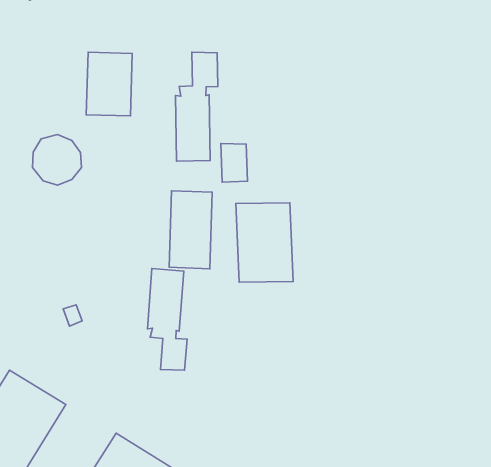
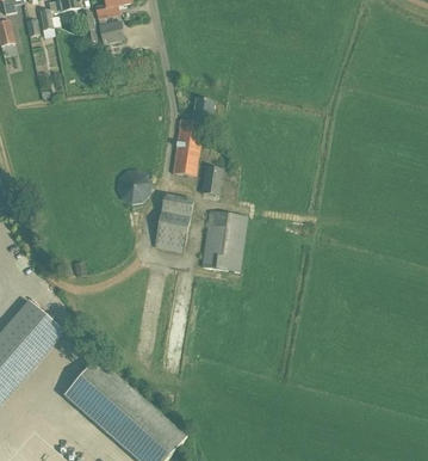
building: [86,52,132,116] -> none
building: [33,135,81,185] -> [116,168,151,204]
building: [147,269,187,370] -> none

